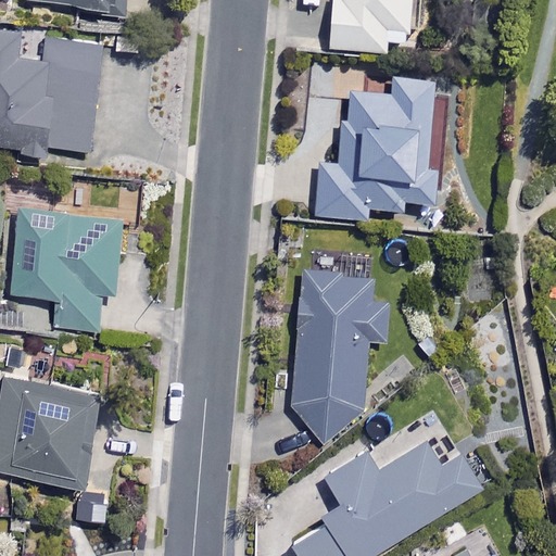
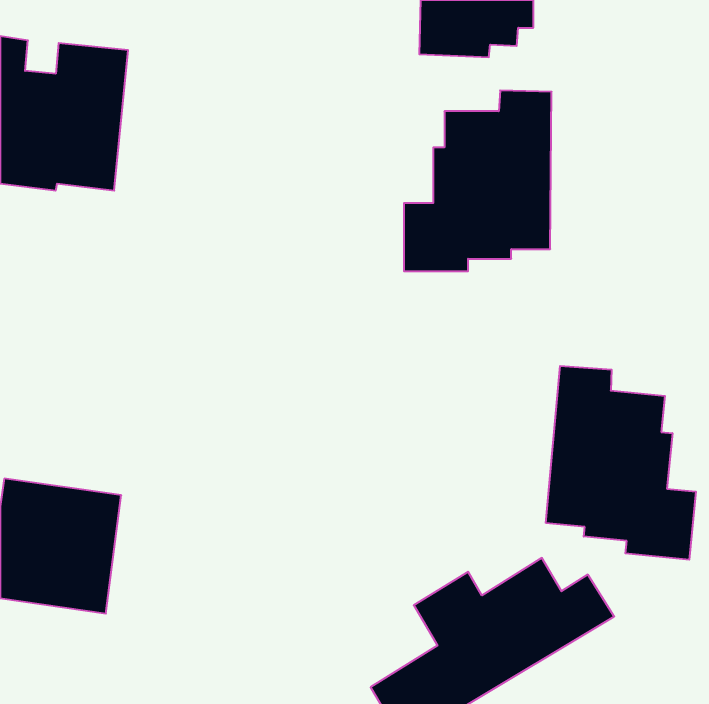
building: [13,210,119,332] -> none
building: [291,273,386,443] -> none
building: none -> [546,366,696,560]

